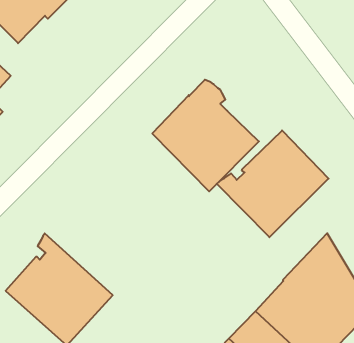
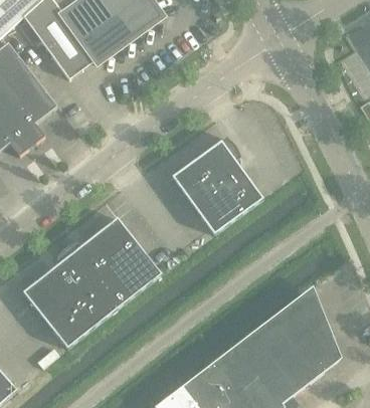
building: [217,130,329,237] -> none
building: none -> [64,216,162,311]

